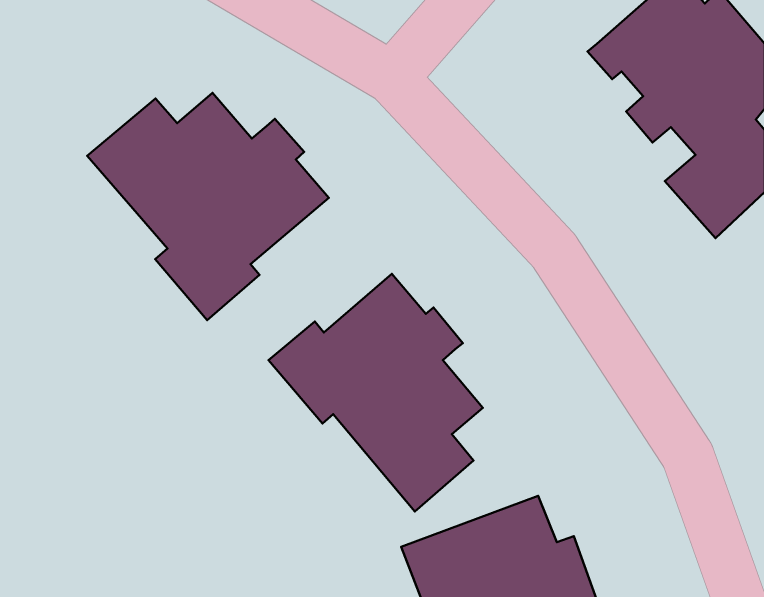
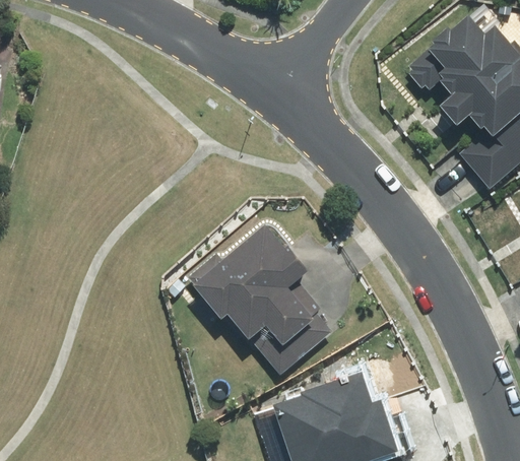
building: [87,93,329,320] -> none

